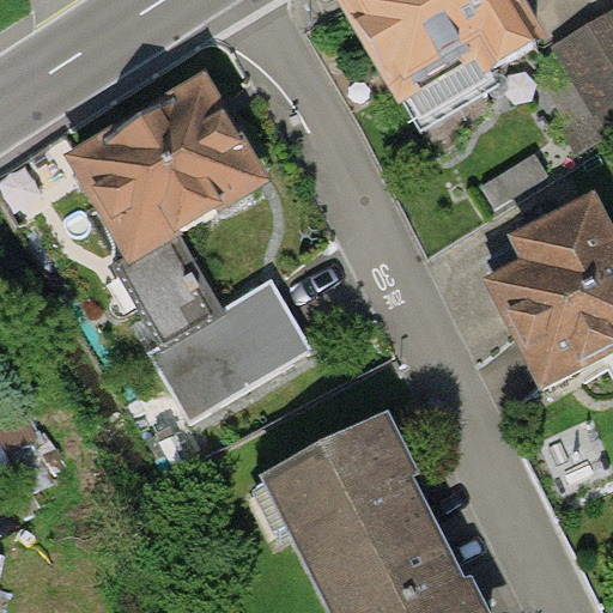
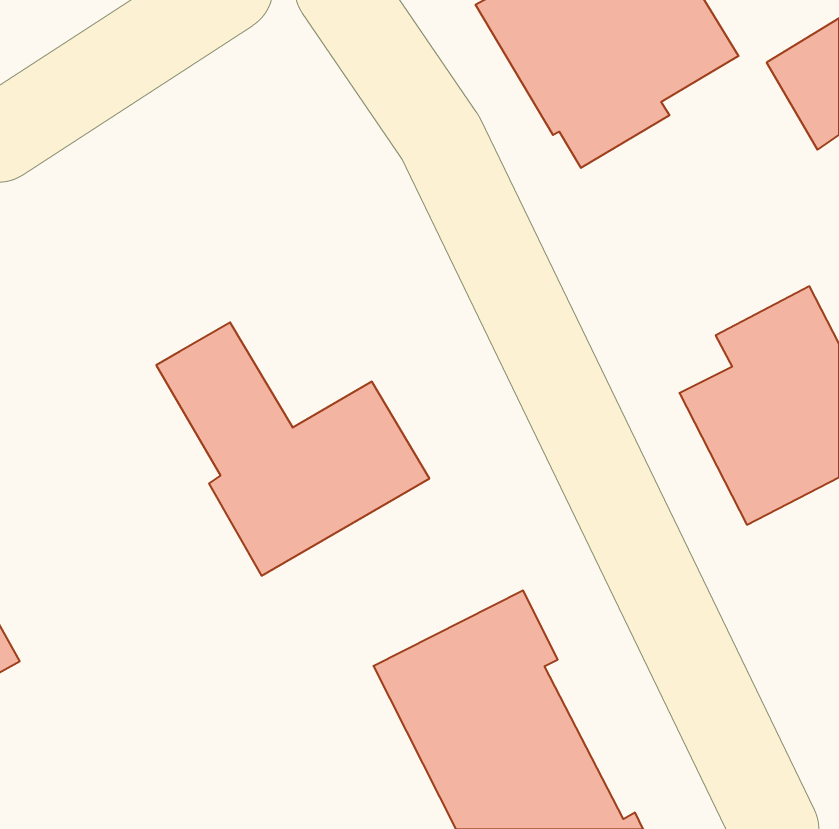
building: [73,84,255,256] -> none

